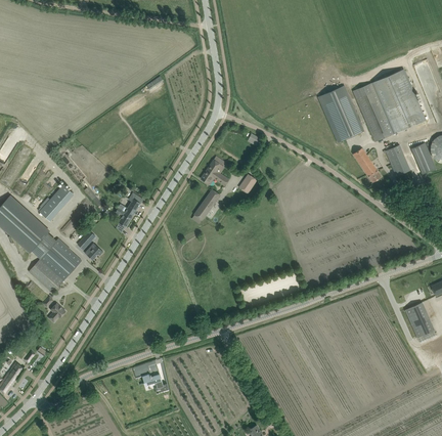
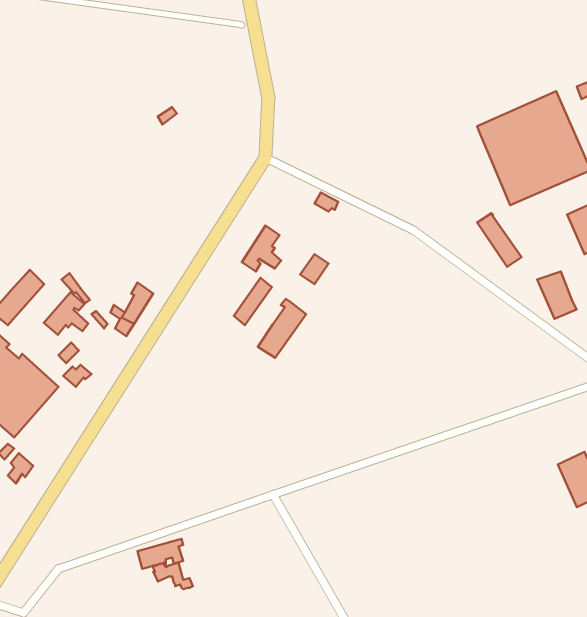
building: [319,86,363,142] -> none
building: [385,145,410,176] -> [537,271,577,319]
building: none -> [44,292,88,335]
building: none -> [258,299,306,358]

